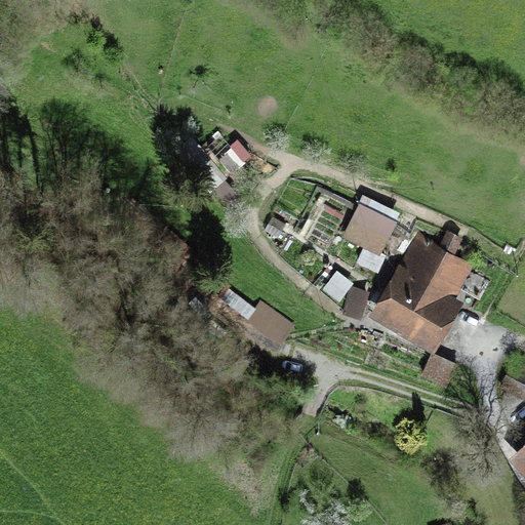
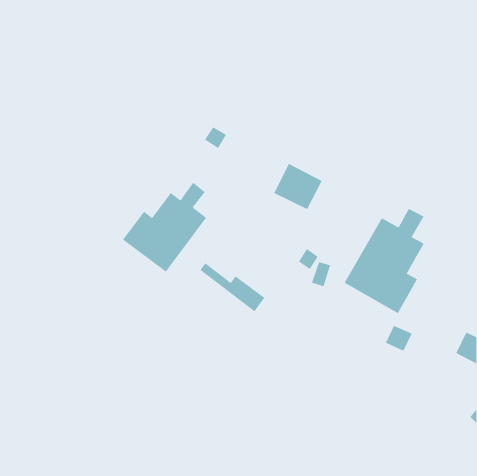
building: none -> [122,182,207,272]
building: [344,204,397,255] -> [274,163,322,210]

